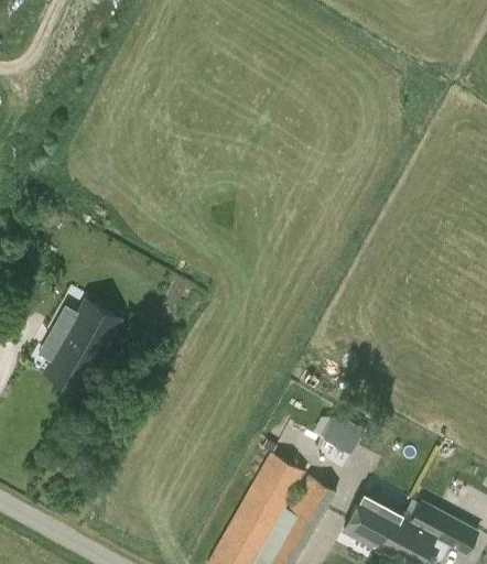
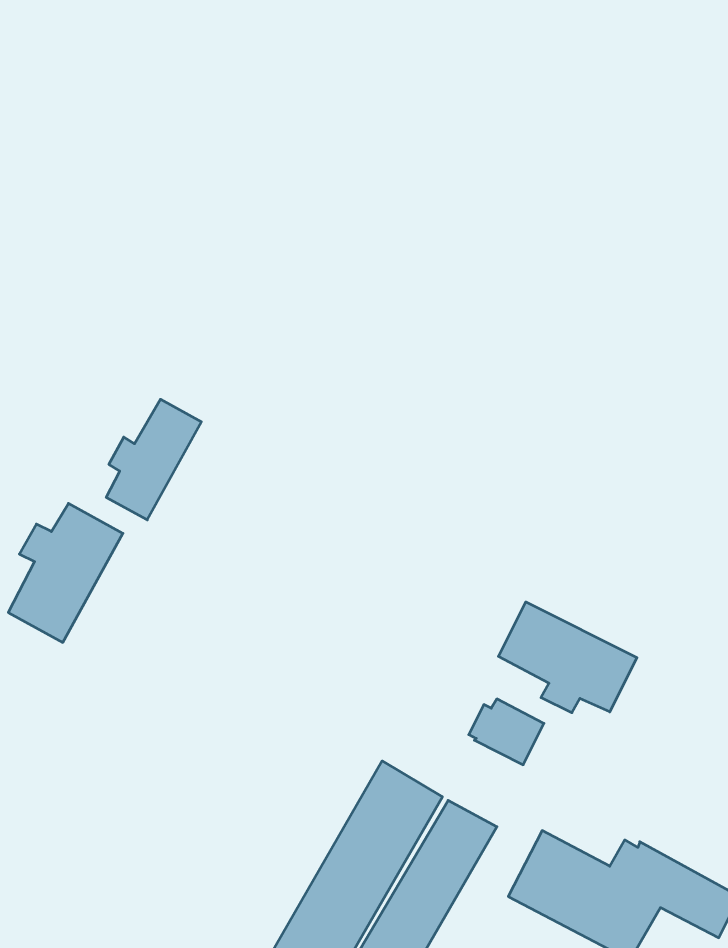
building: none -> [106,399,201,520]
building: none -> [498,602,637,713]

